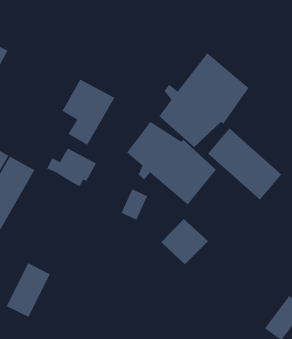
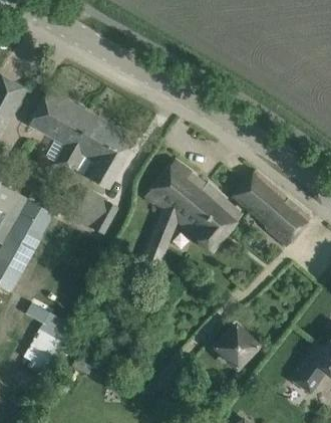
building: none -> [28,90,99,172]
building: [158,52,250,148] -> none
building: [161,218,209,265] -> [211,322,261,371]

